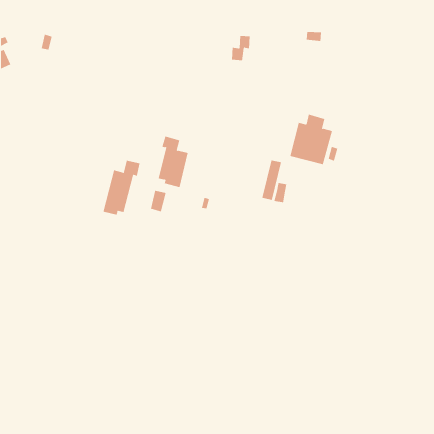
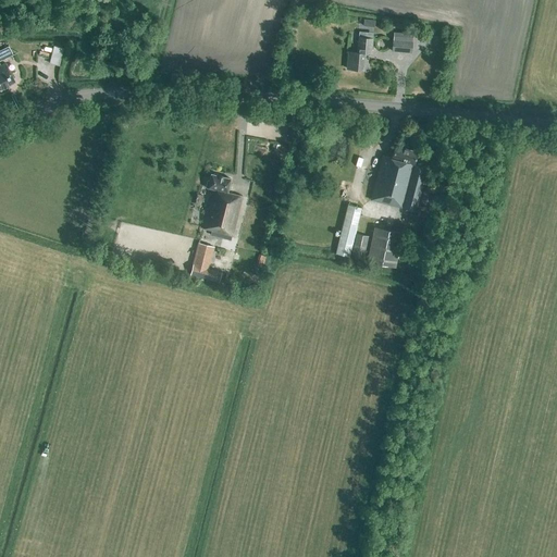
building: [231,35,251,61] -> [347,37,372,70]
building: [103,160,140,216] -> none
building: none -> [367,226,403,267]

